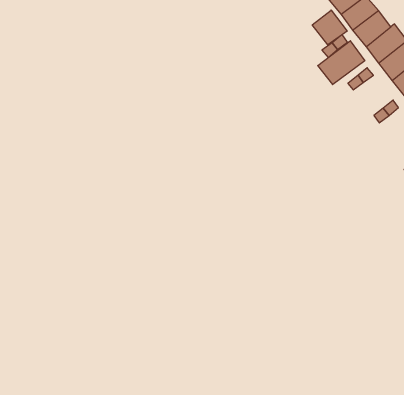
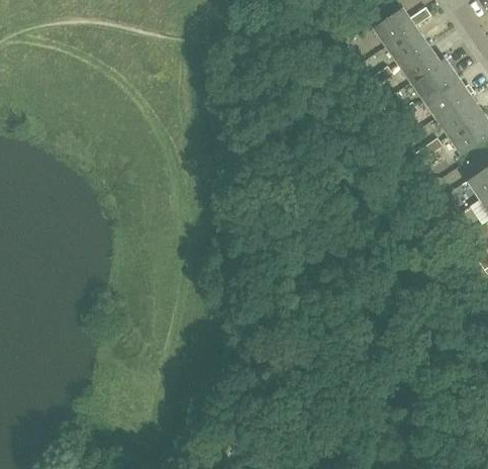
building: [312,10,347,45] -> none
building: [318,41,365,85] -> none

